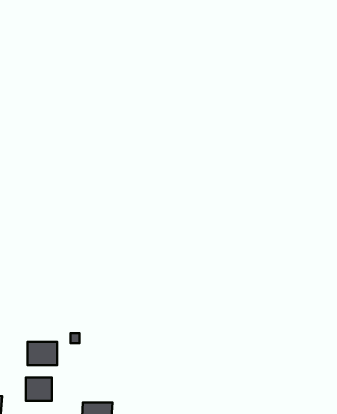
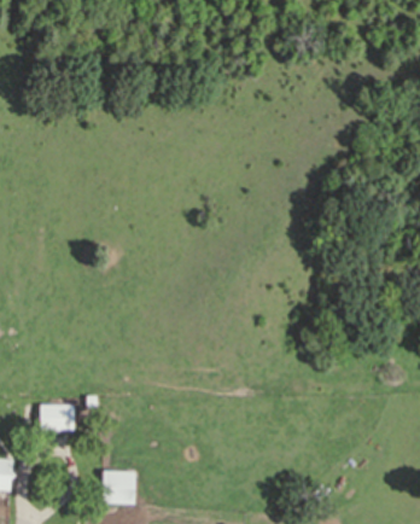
building: [26,377,52,401] -> none

